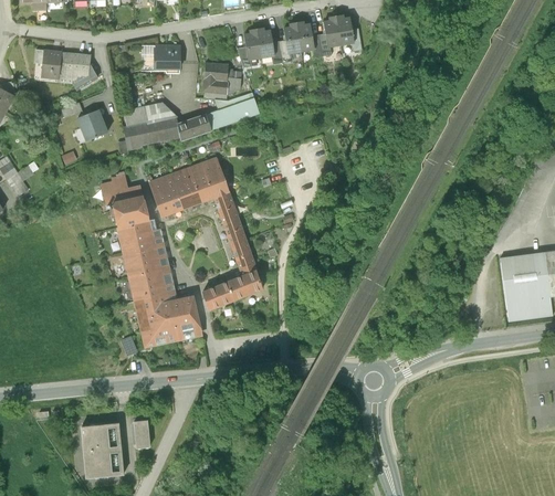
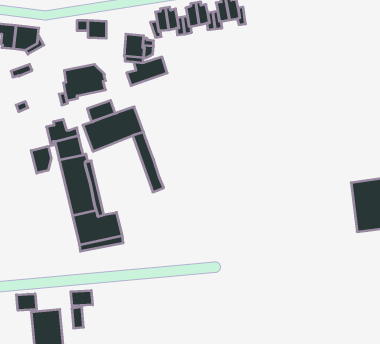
building: [77,110,106,140] -> none
building: [175,114,211,141] -> [87,100,115,121]
building: none -> [31,146,51,173]
building: [202,264,262,309] -> none
building: none -> [71,290,93,306]
building: none -> [16,294,36,310]

